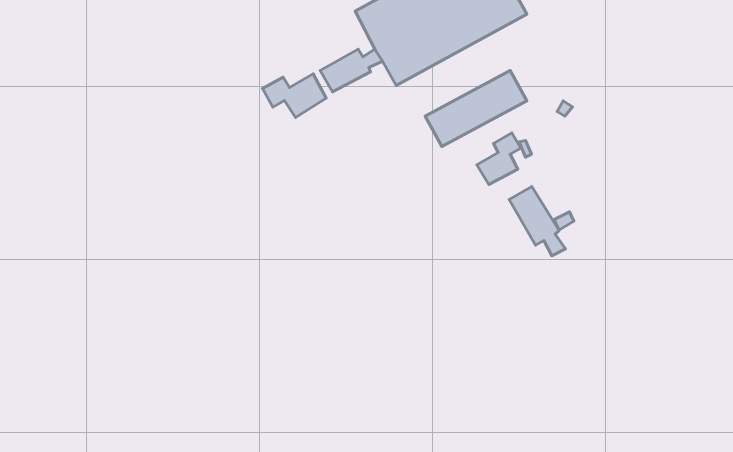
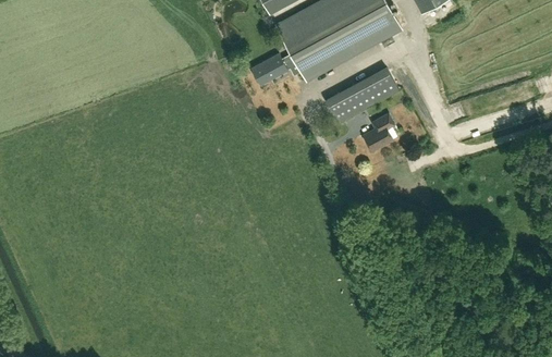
building: [263,74,326,117] -> none
building: [509,187,566,256] -> none

